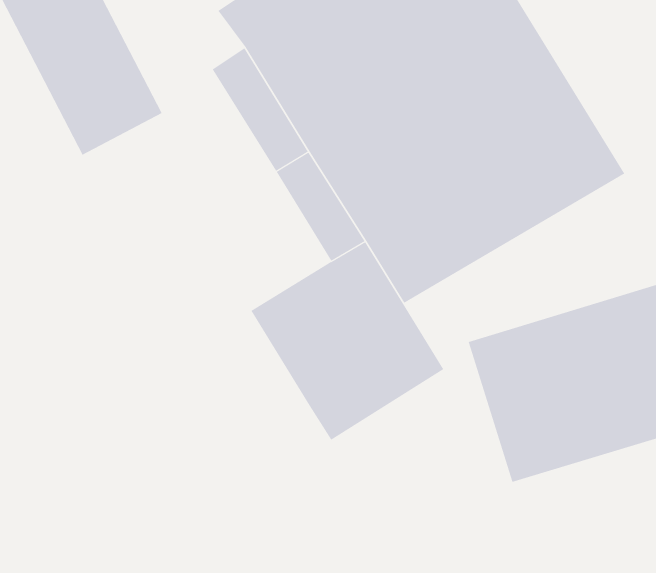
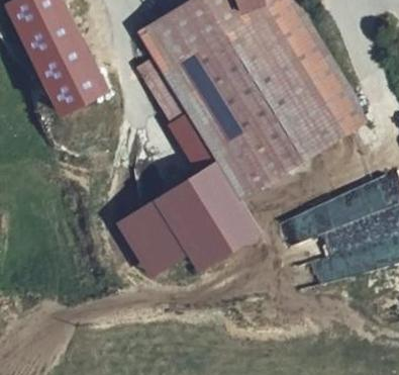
building: none -> [118,198,188,274]

